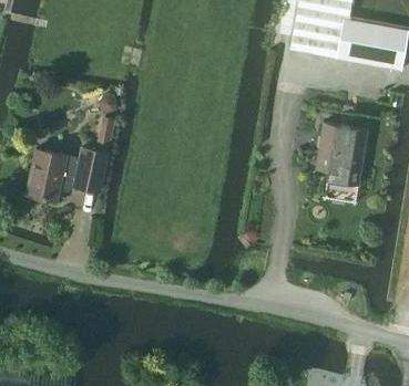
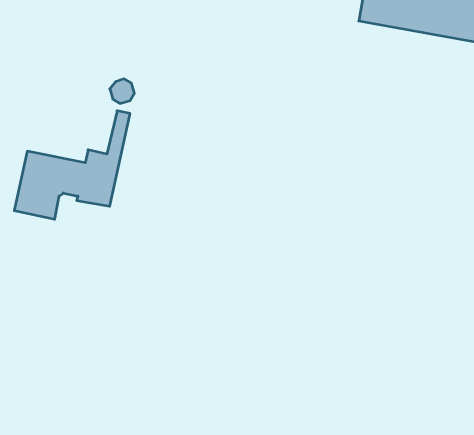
building: [317,122,368,186] -> none

